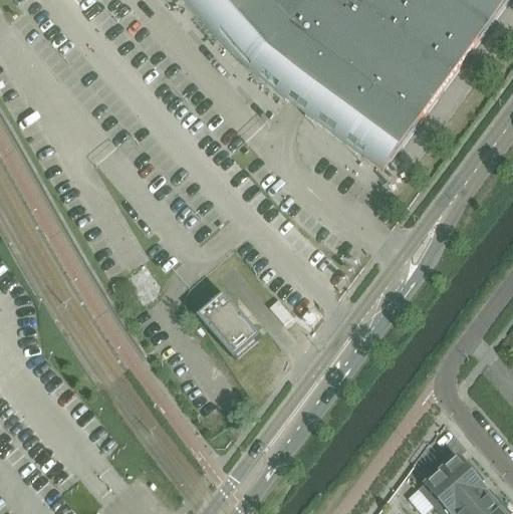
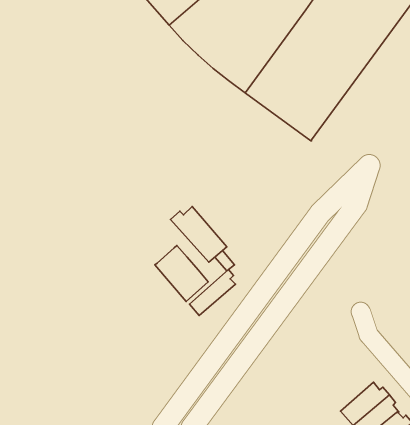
building: none -> [170,207,227,262]
building: none -> [190,270,235,315]

